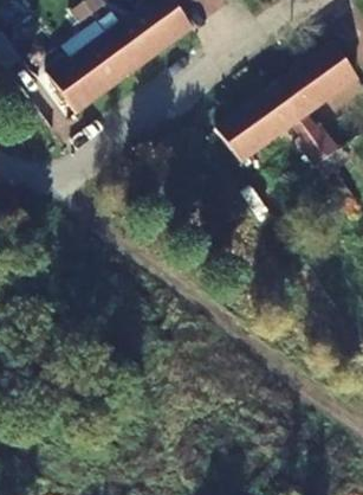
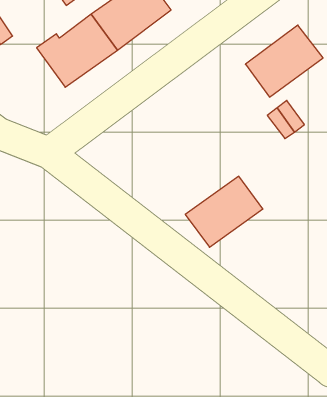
building: [215,88,299,165] -> [185,176,263,247]

